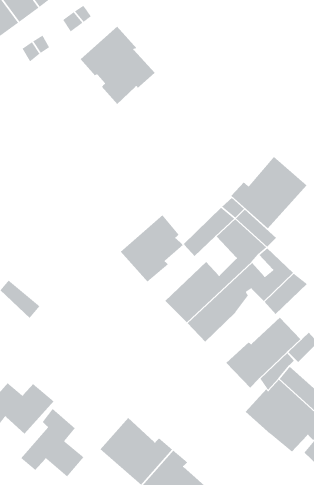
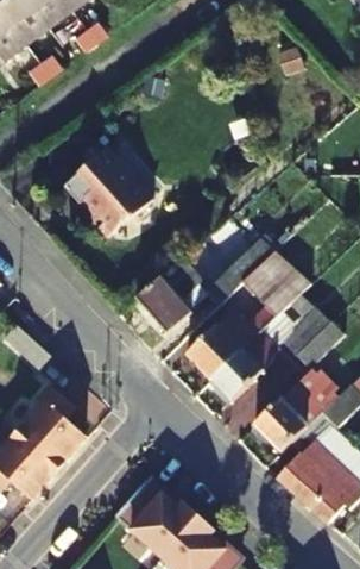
building: [80,26,156,105] -> [69,146,153,235]
building: [230,156,307,229] -> none
building: [20,408,84,477] -> [12,384,83,462]

